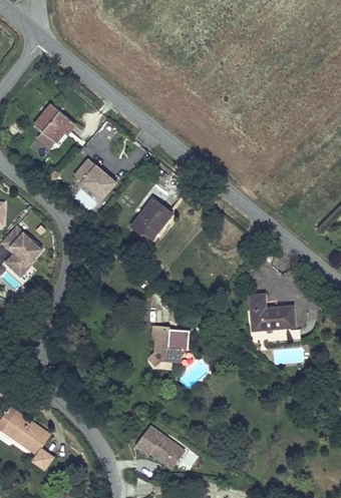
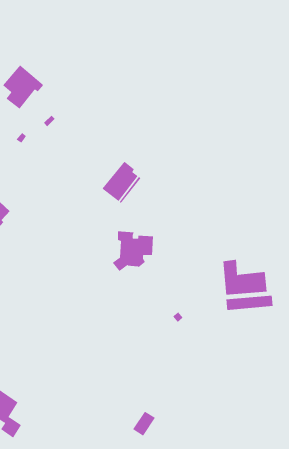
building: [75,159,116,199] -> none
building: [147,326,189,366] -> [112,231,154,272]
building: [135,427,174,461] -> none

